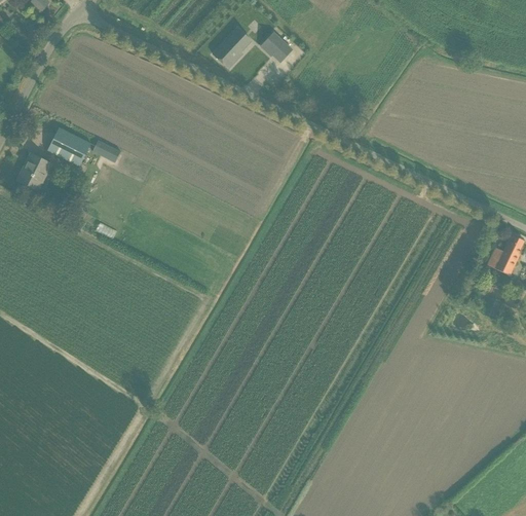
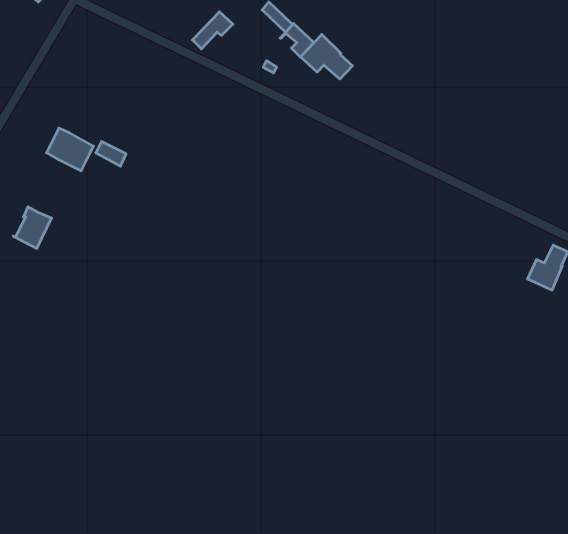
building: [214,30,251,64] -> [192,12,233,49]
building: none -> [301,34,352,79]
building: [16,153,51,191] -> [13,207,52,248]

